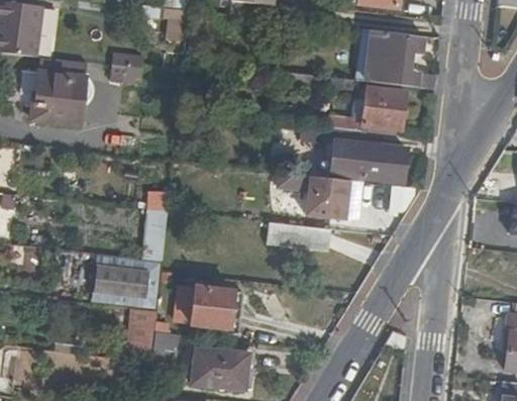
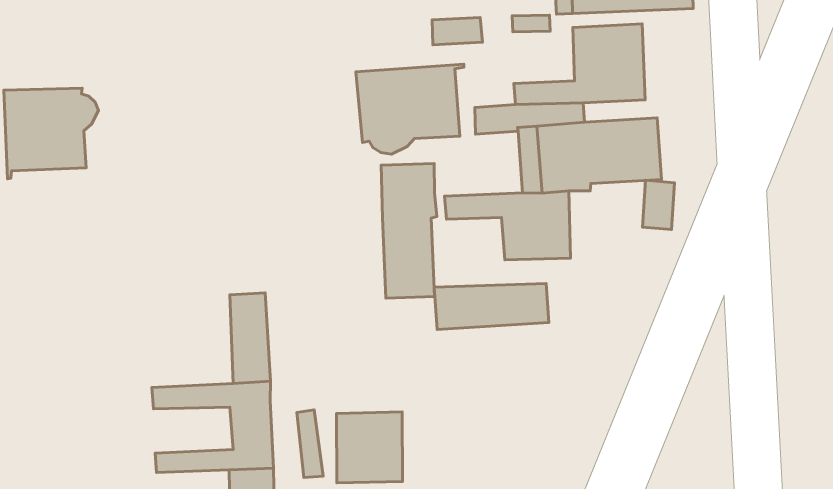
building: [110,49,145,81] -> none
building: none -> [356,64,464,154]
building: none -> [381,164,437,298]
building: [87,266,138,296] -> none

